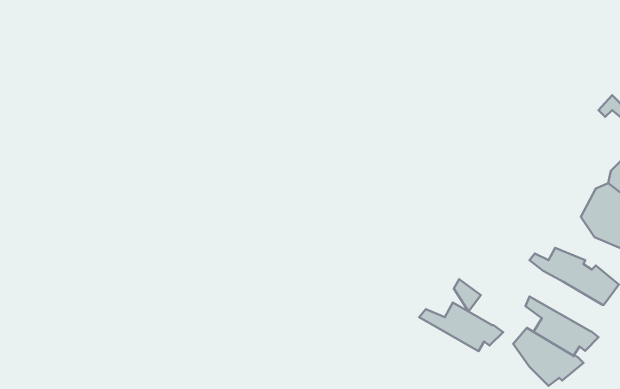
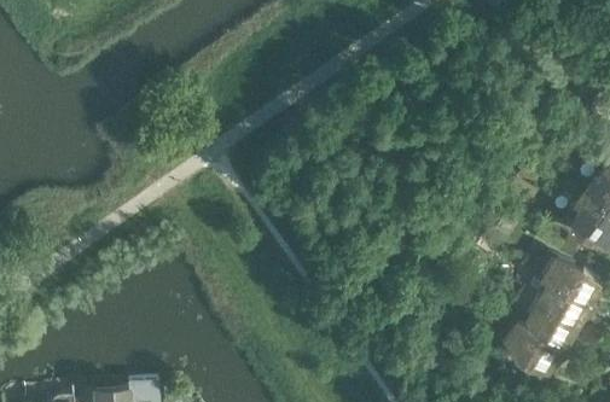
building: [419,302,503,351] -> [522,281,597,325]

